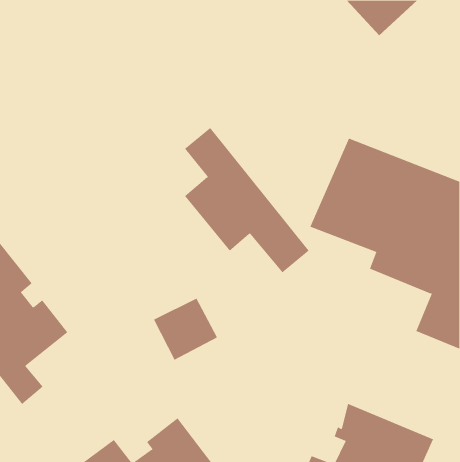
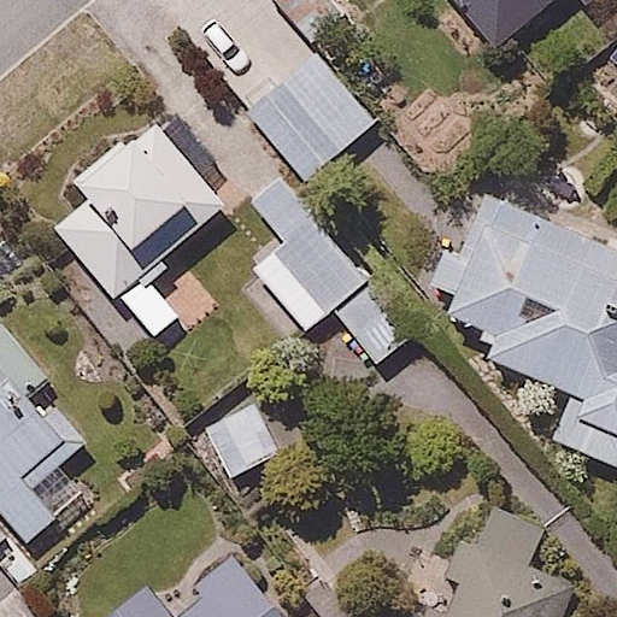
building: none -> [235,61,378,180]
building: none -> [55,118,225,340]

